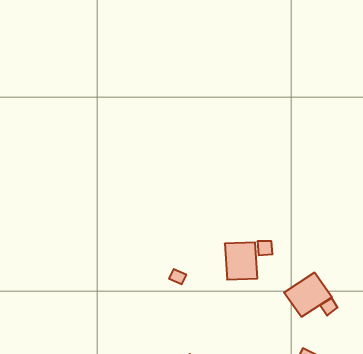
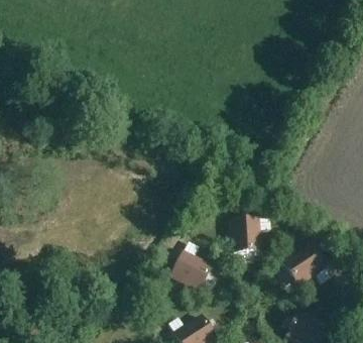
building: none -> [171,252,211,290]

